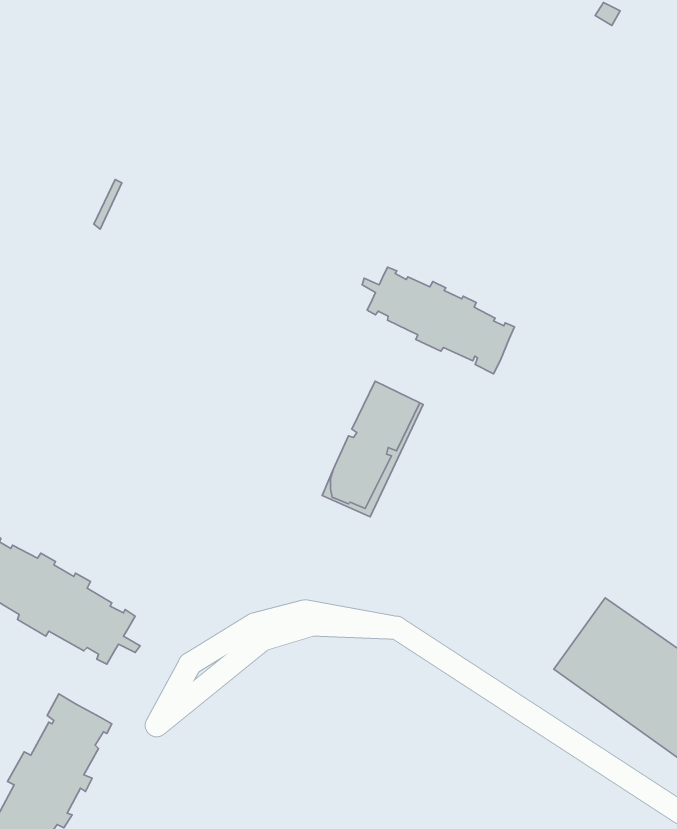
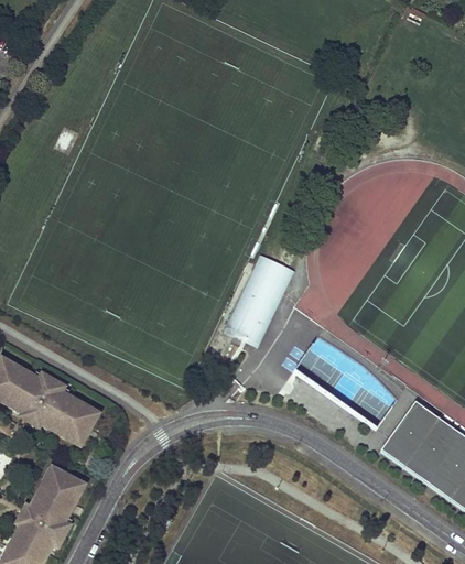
building: [362,267,515,374] -> none

